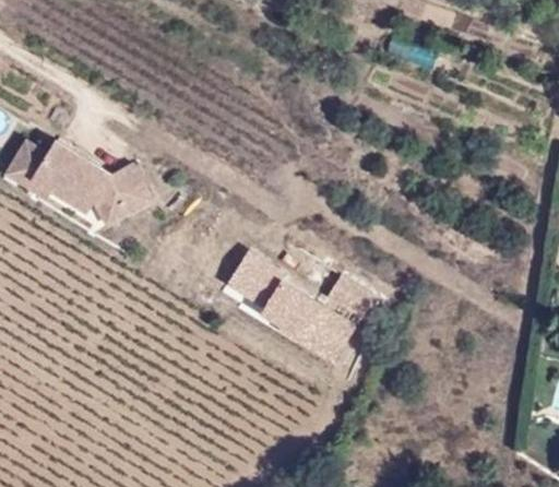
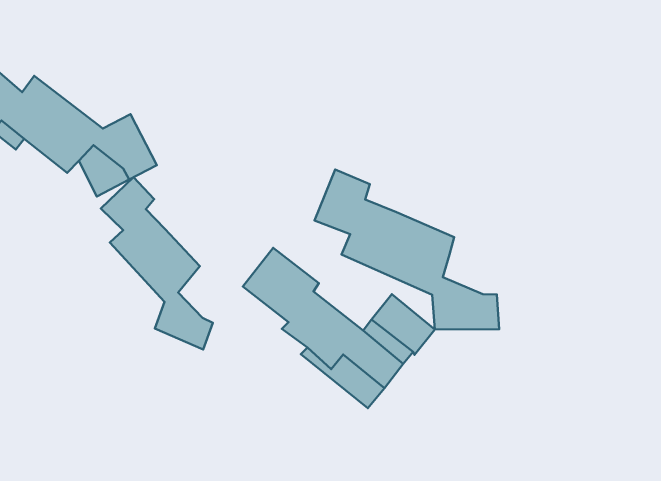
building: none -> [314,170,499,329]
building: none -> [101,177,213,349]

